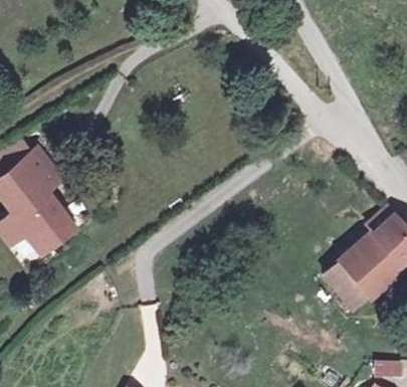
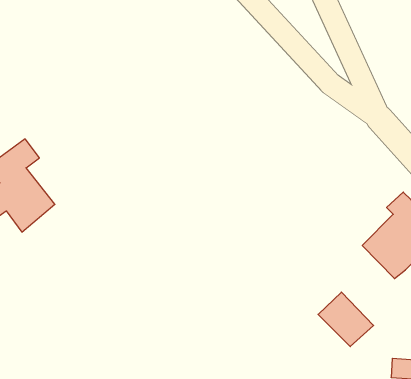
building: [327,259,377,309] -> [318,292,374,347]

